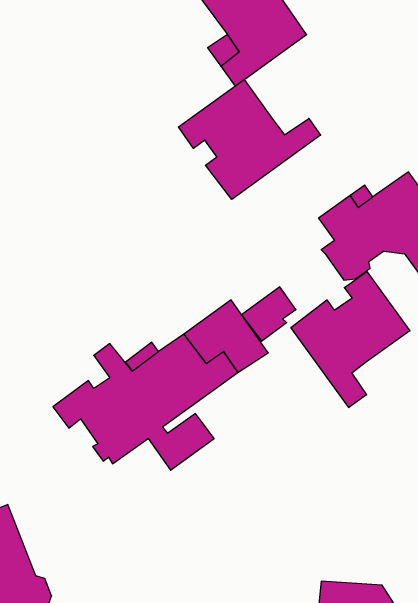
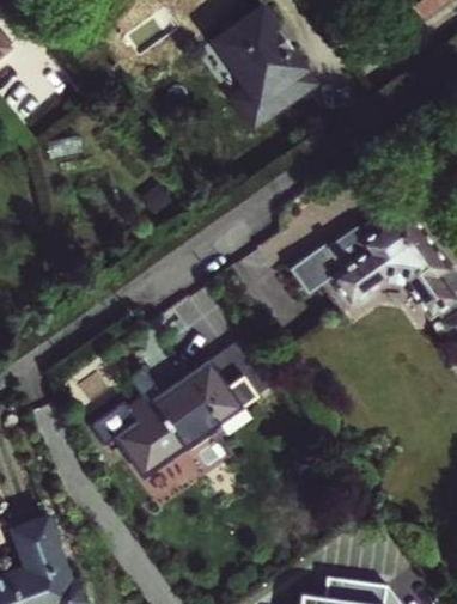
building: [178,80,321,199] -> none
building: [291,272,410,408] -> none
building: [242,287,296,341] -> [293,252,342,301]

